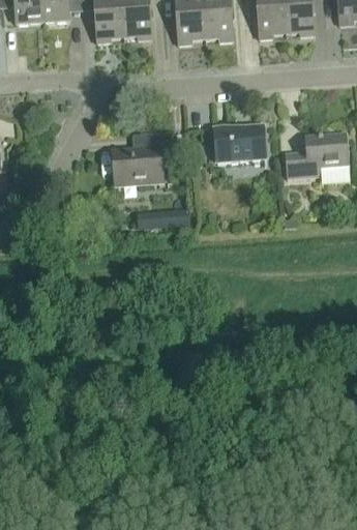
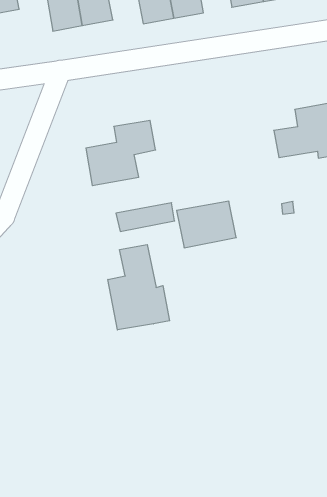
building: [214,123,265,160] -> [177,201,236,248]
building: none -> [108,245,170,330]

